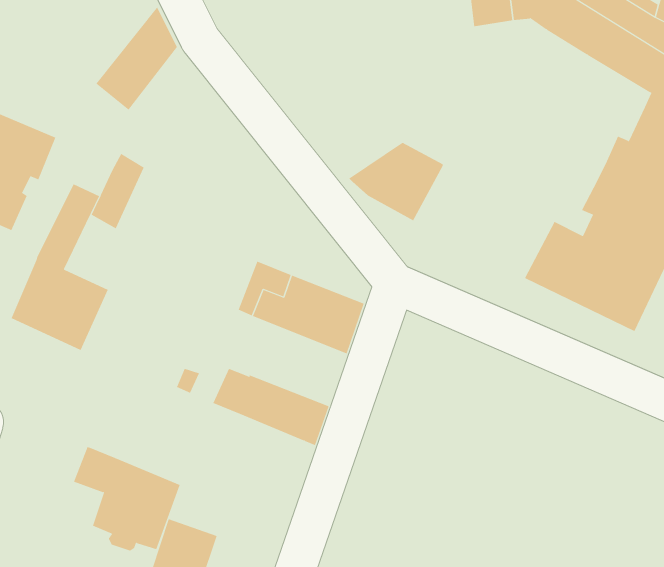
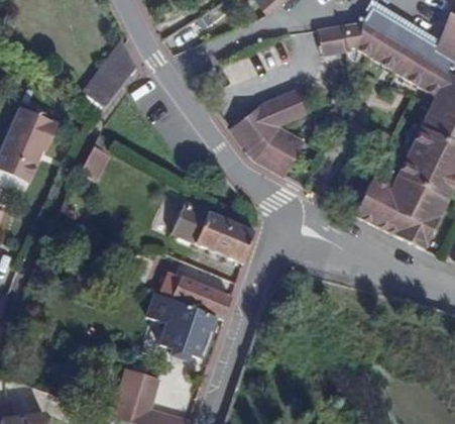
building: none -> [226,86,312,149]
building: [11,184,108,351] -> none
building: [73,445,181,551] -> [146,292,215,359]

